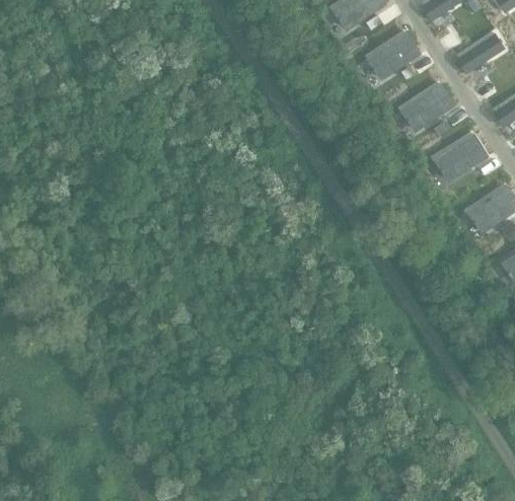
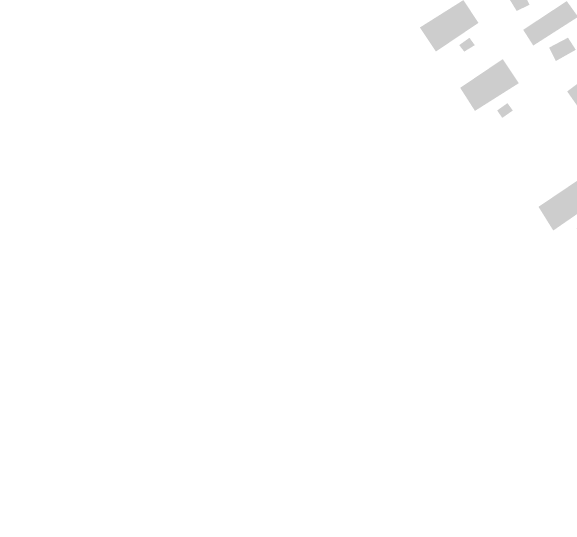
building: [435,134,487,180] -> none

